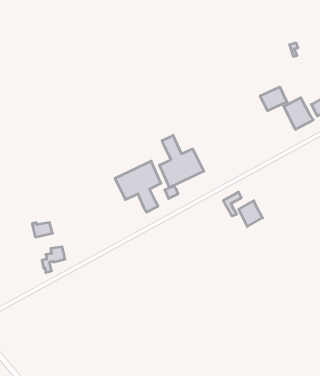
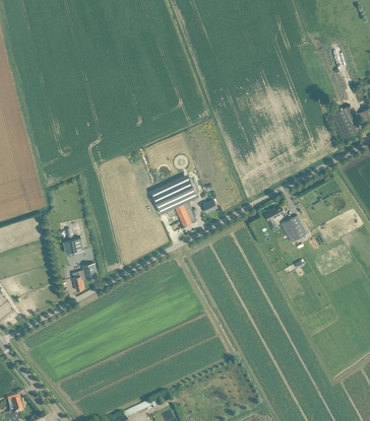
building: [260,87,287,111] -> none
building: [159,135,204,188] -> none

